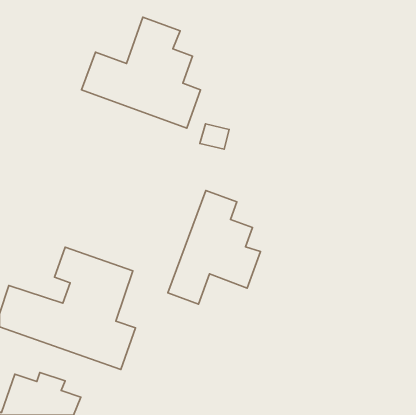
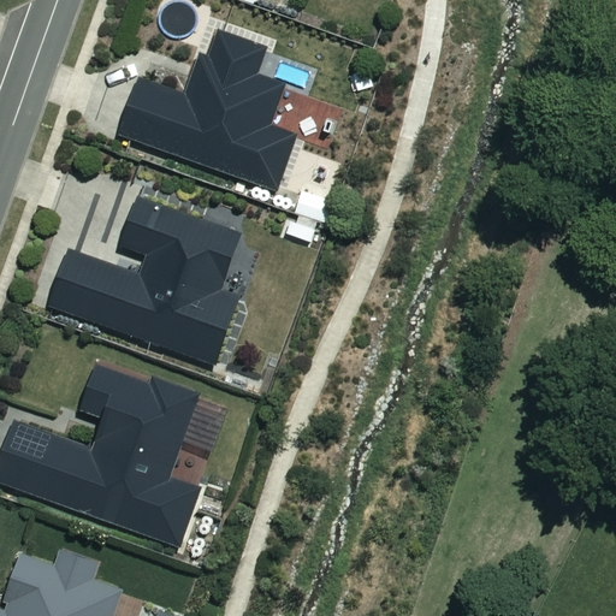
building: none -> [47,194,242,367]
building: [168,190,261,304] -> none

